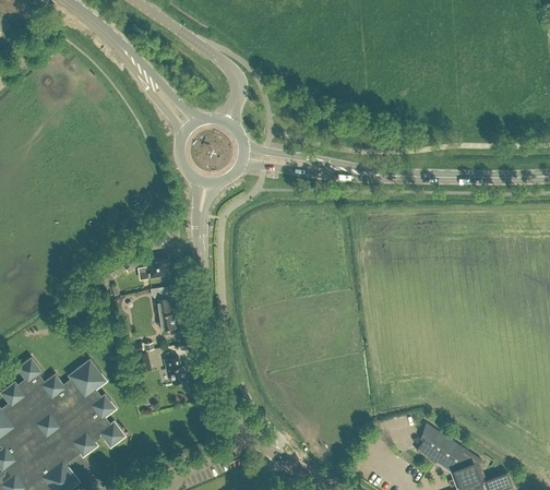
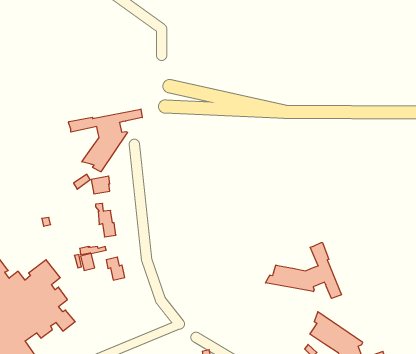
building: none -> [69,109,142,172]
building: none -> [265,243,342,298]

